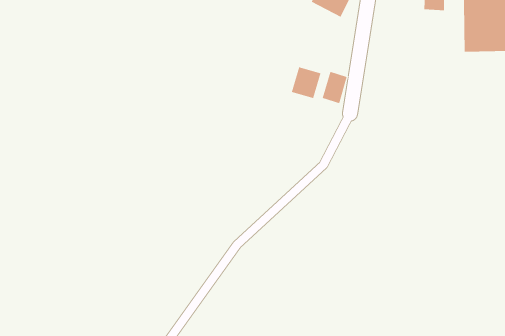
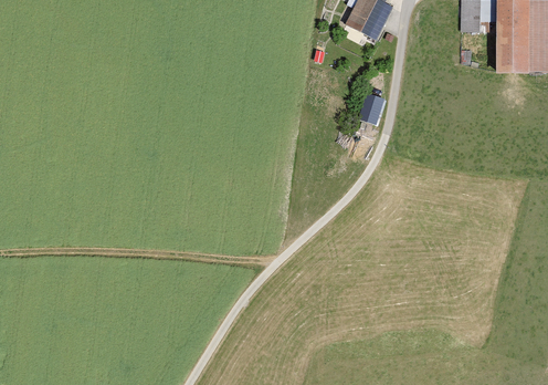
building: [291,67,321,99] -> none

